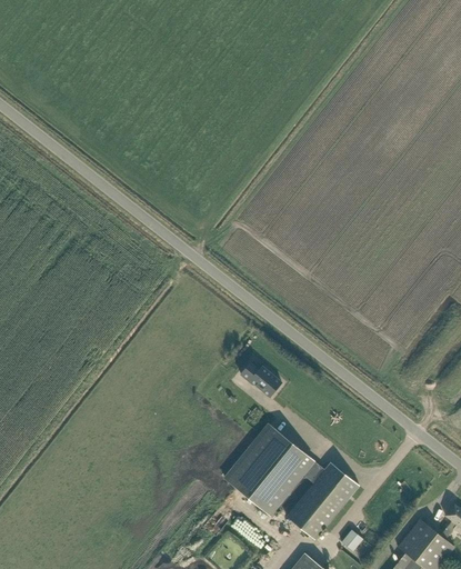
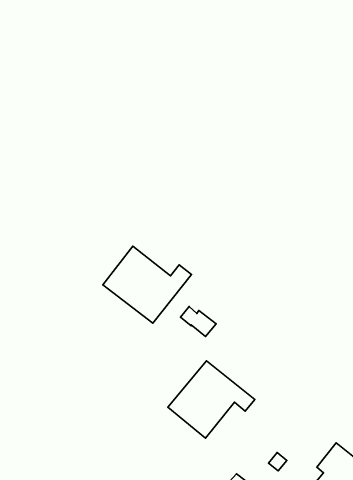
building: none -> [103,246,192,323]
building: [287,463,358,538] -> none

